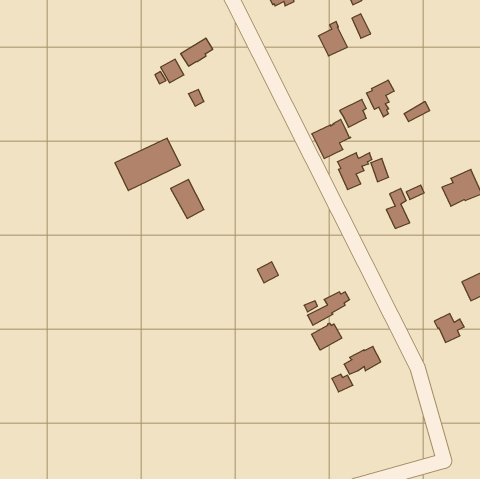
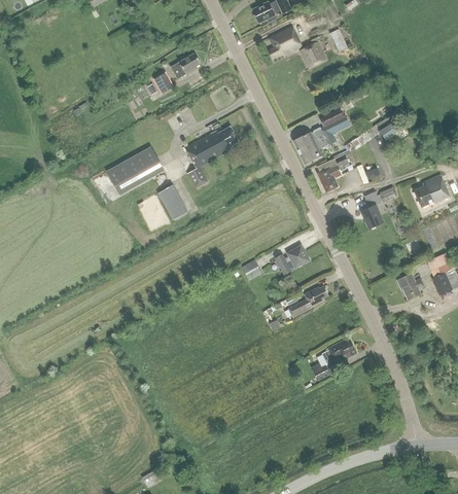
building: none -> [267,26,301,59]
building: [367,80,394,117] -> none
building: none -> [184,125,239,186]
building: none -> [275,245,309,274]
building: [434,314,464,342] -> [396,273,424,299]
building: [312,323,342,350] -> none

